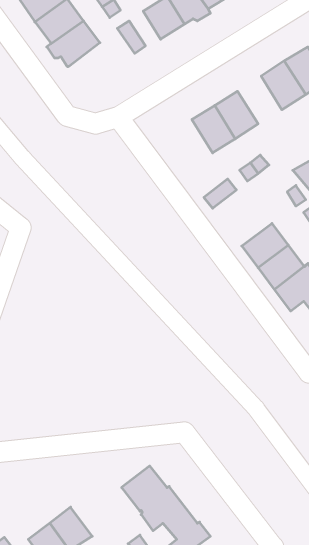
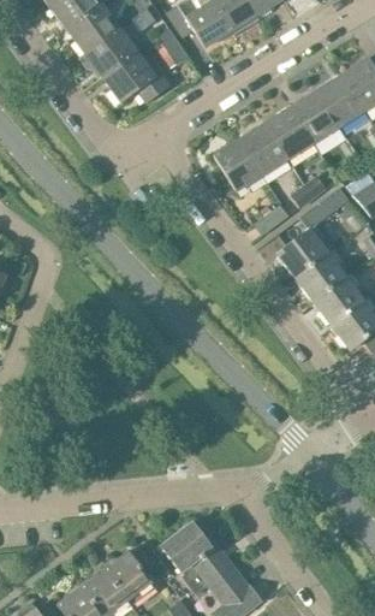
building: none -> [102,52,169,103]
building: none -> [290,89,339,142]
building: none -> [213,137,262,191]
building: none -> [276,186,349,278]
building: none -> [105,551,156,605]

